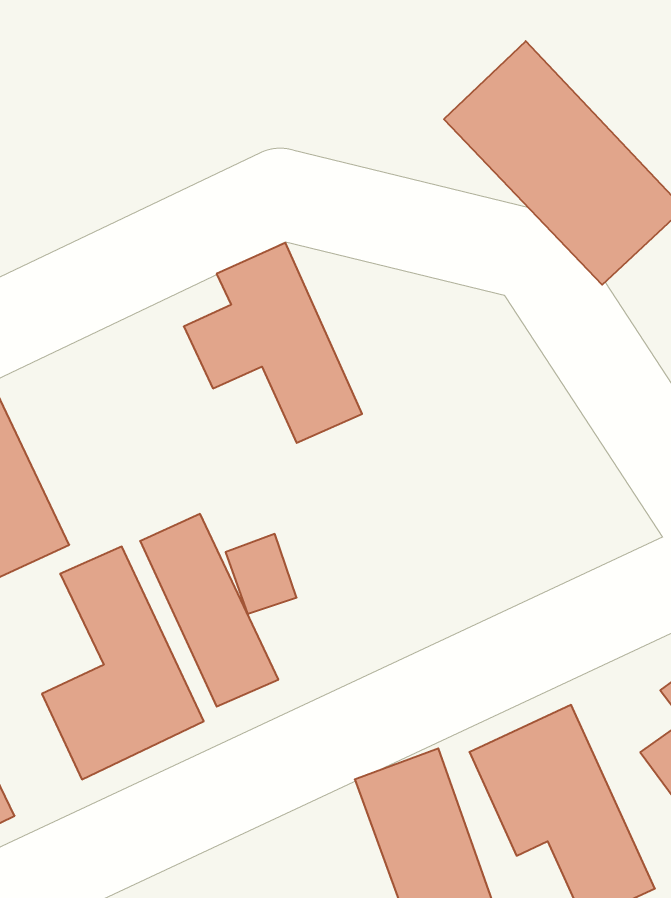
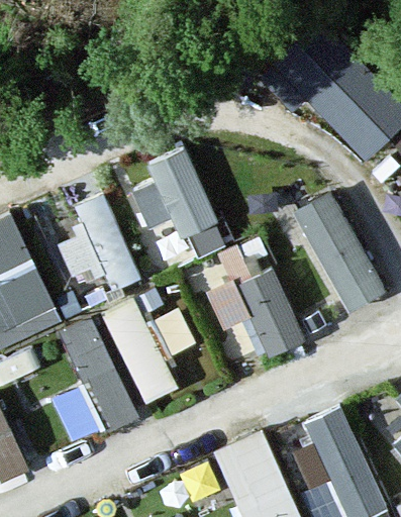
building: none -> [290,191,385,313]
building: none -> [57,205,140,302]
building: none -> [209,267,302,358]

